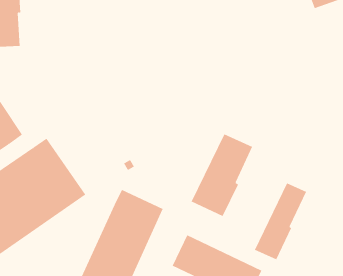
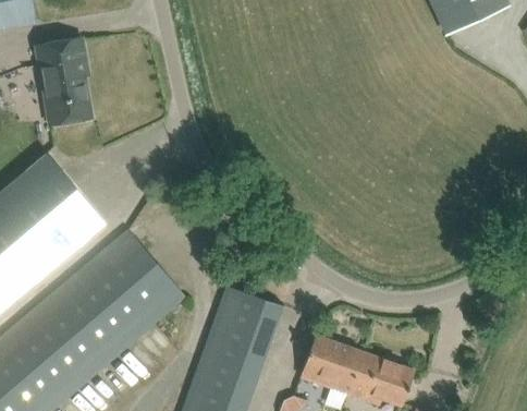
building: [191,134,253,217] -> none
building: [254,183,307,260] -> none

